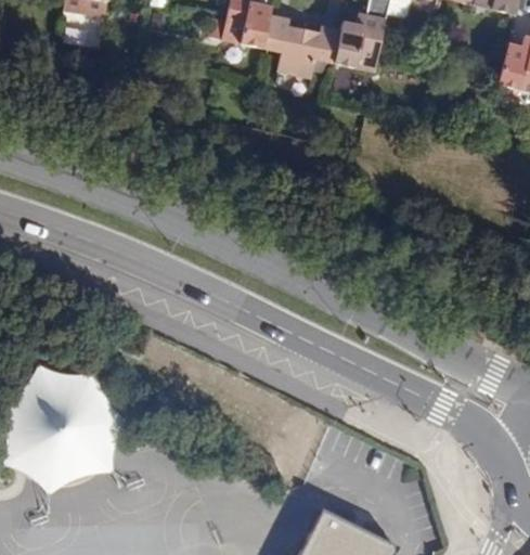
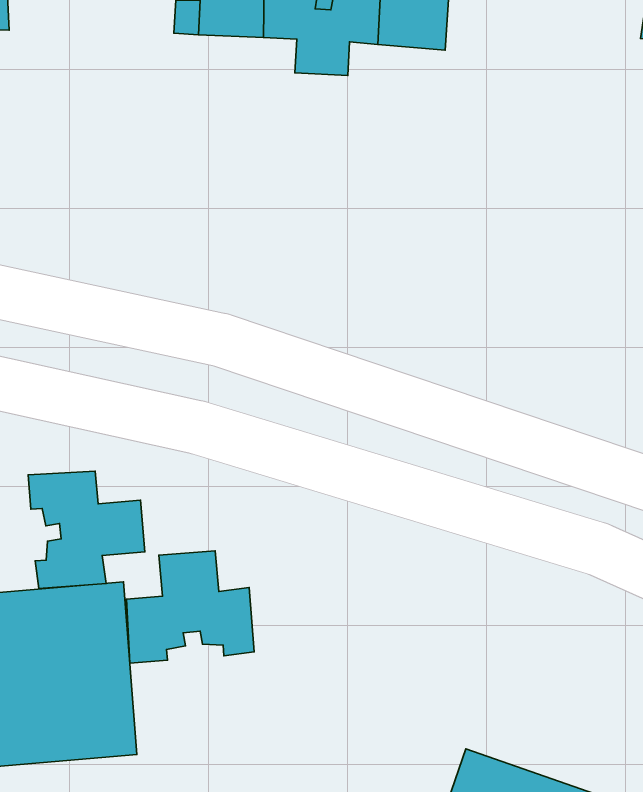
building: none -> [28,471,145,589]
building: none -> [127,551,254,663]

